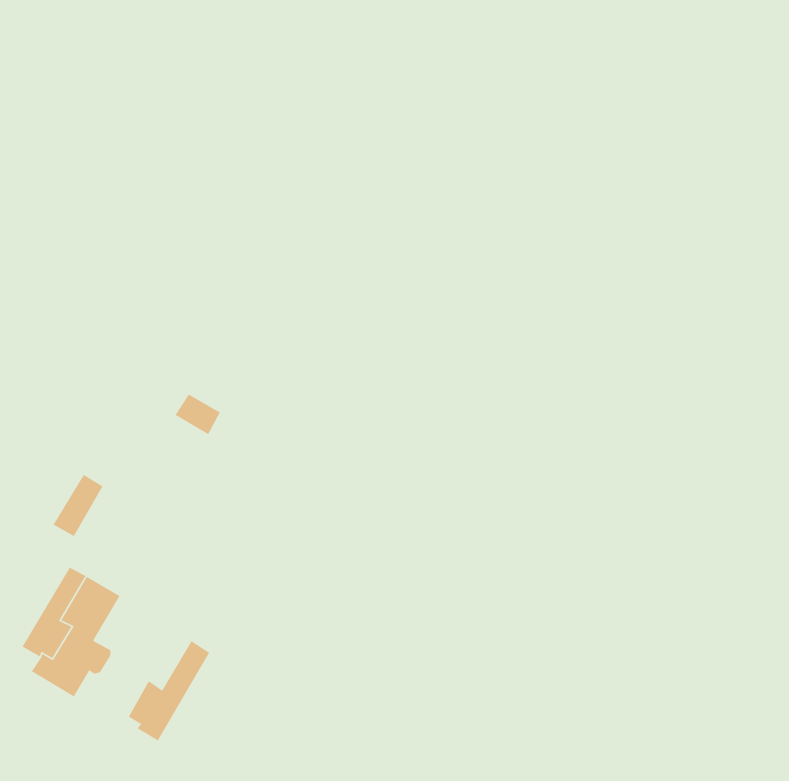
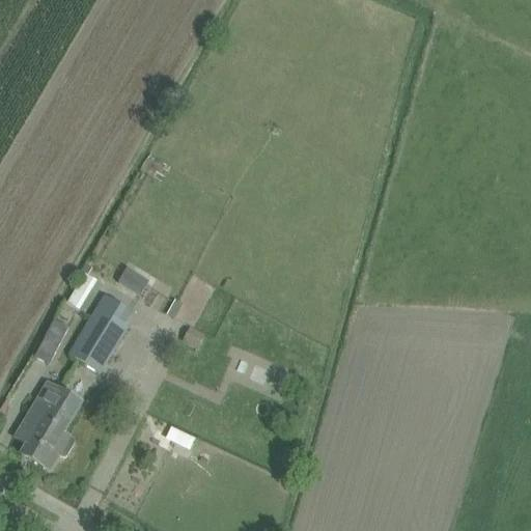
building: none -> [66,292,133,371]
building: [128,640,210,741] -> none

